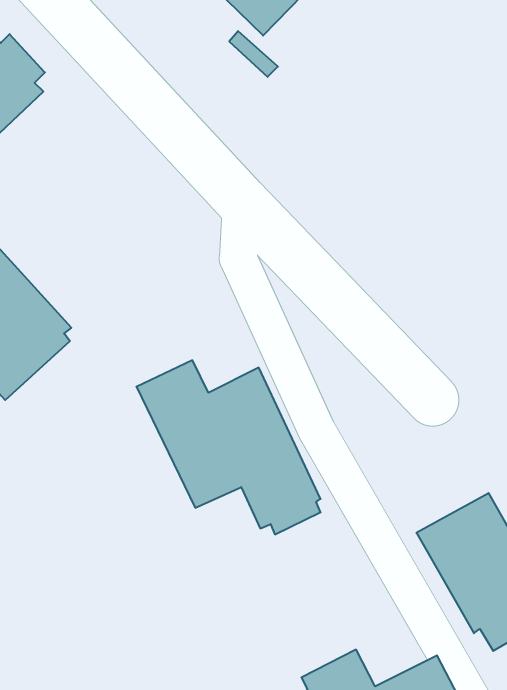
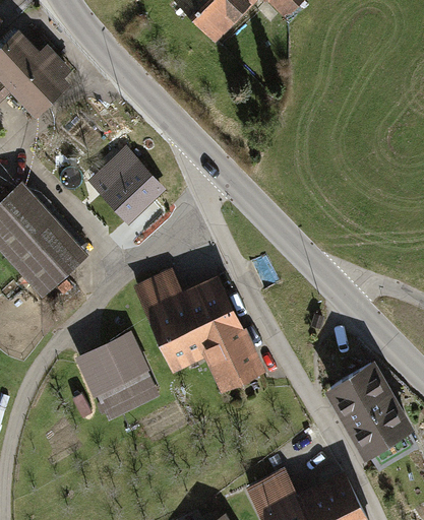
building: none -> [97,152,165,220]
building: none -> [74,331,161,420]

